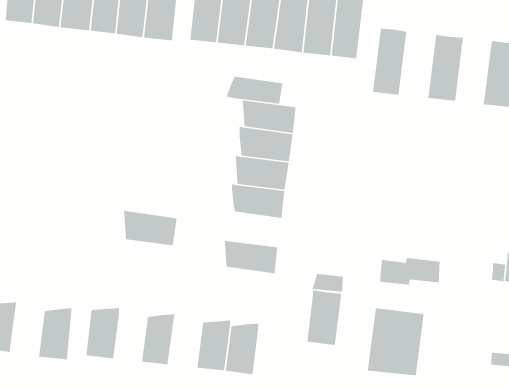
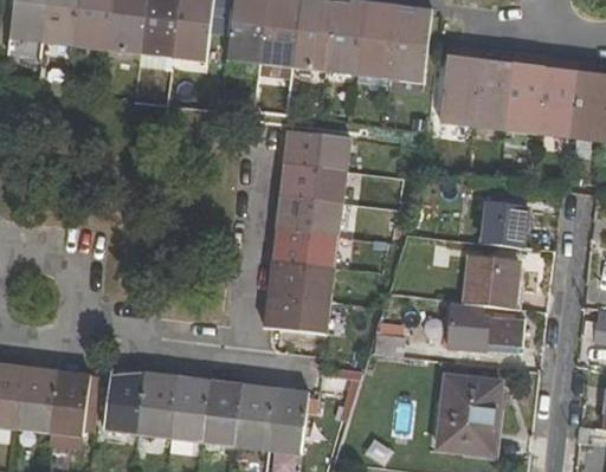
building: none -> [472,50,515,129]
building: none -> [539,57,580,136]
building: [225,76,283,104] -> none
building: none -> [479,201,529,247]
building: none -> [462,254,518,306]
building: [123,210,178,246] -> [271,260,335,303]
building: [307,289,342,346] -> none
building: none -> [15,370,57,432]
building: none -> [137,377,176,438]
building: none -> [201,384,241,445]

